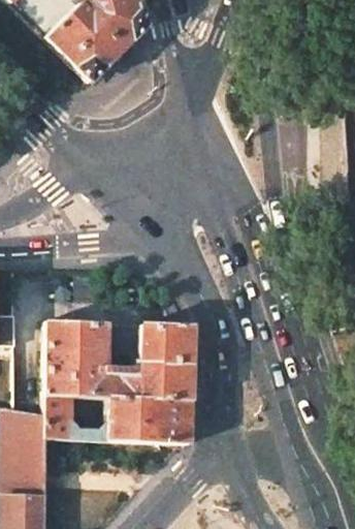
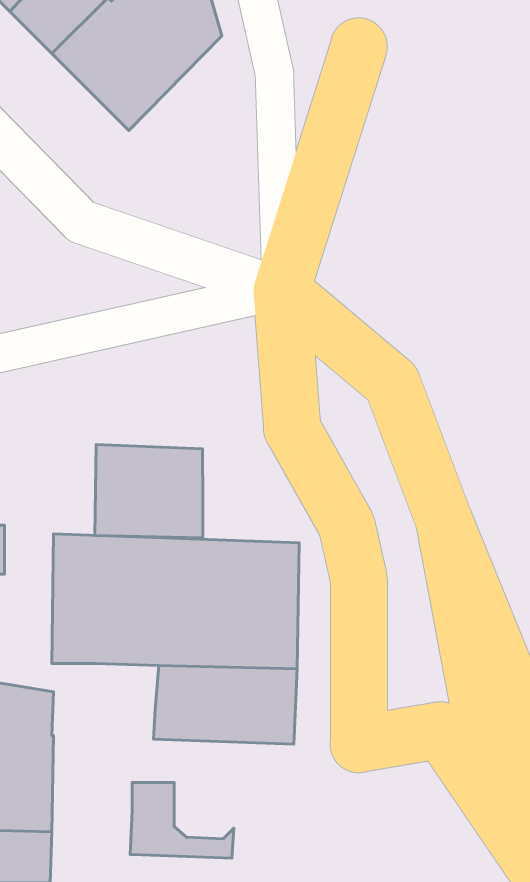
building: none -> [95,445,203,538]
building: [43,397,104,441] -> [130,783,234,858]

